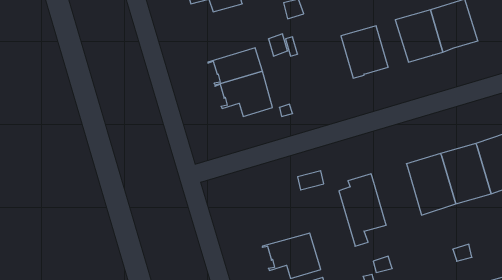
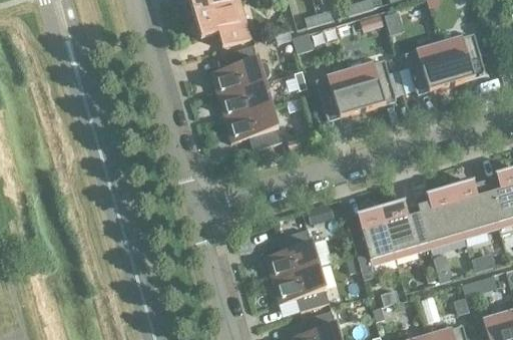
building: none -> [210,44,269,95]
building: none -> [315,69,362,121]
building: none -> [380,197,430,258]
building: none -> [265,229,319,279]

